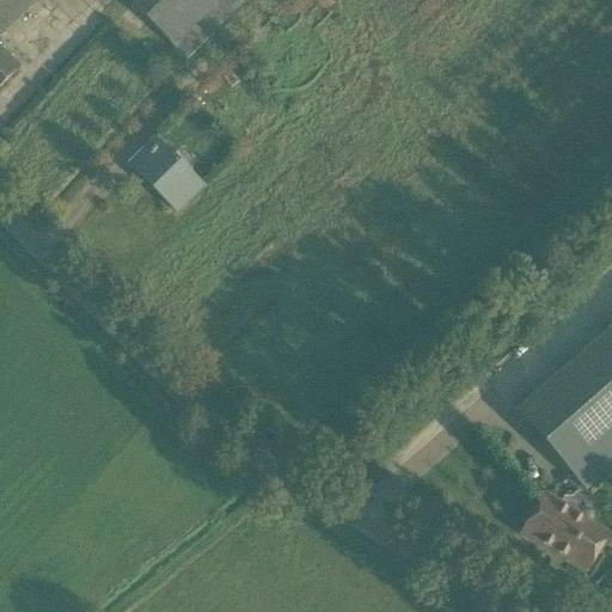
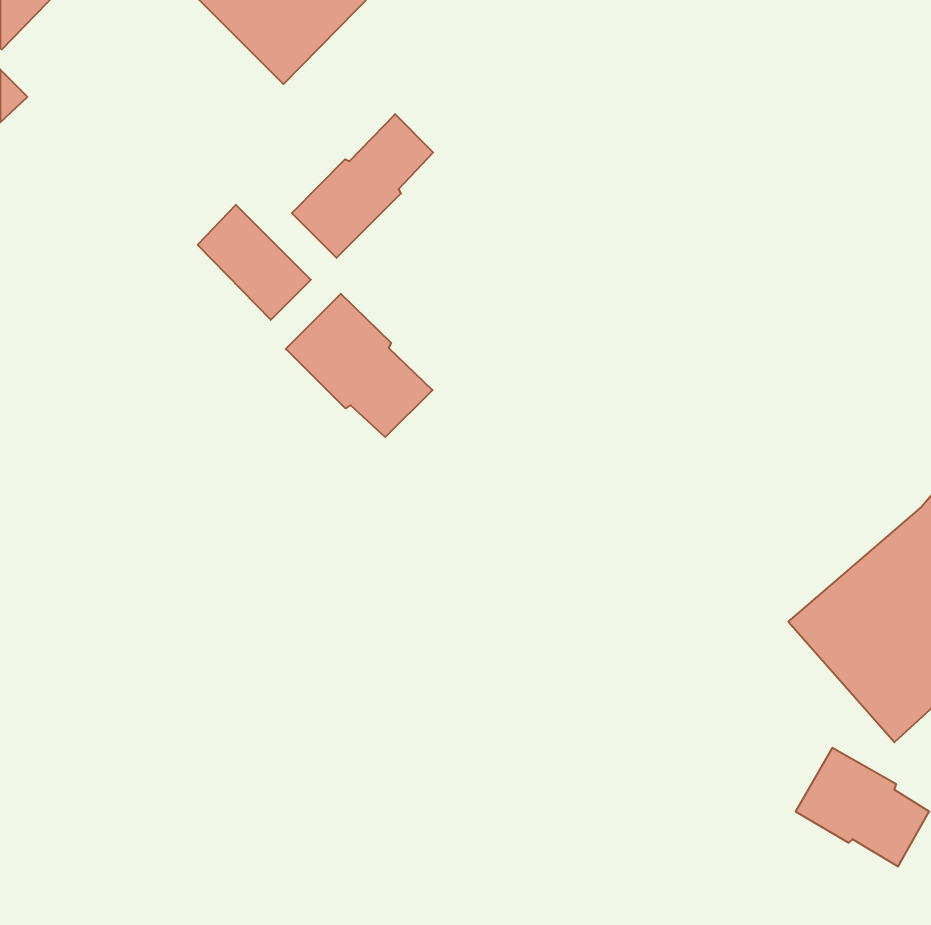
building: none -> [292,114,433,258]
building: none -> [286,294,433,437]

